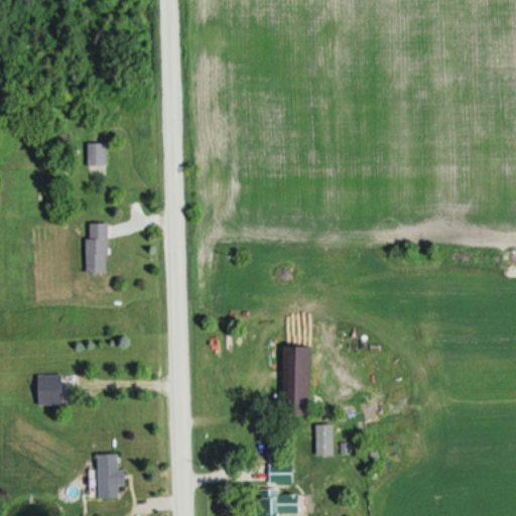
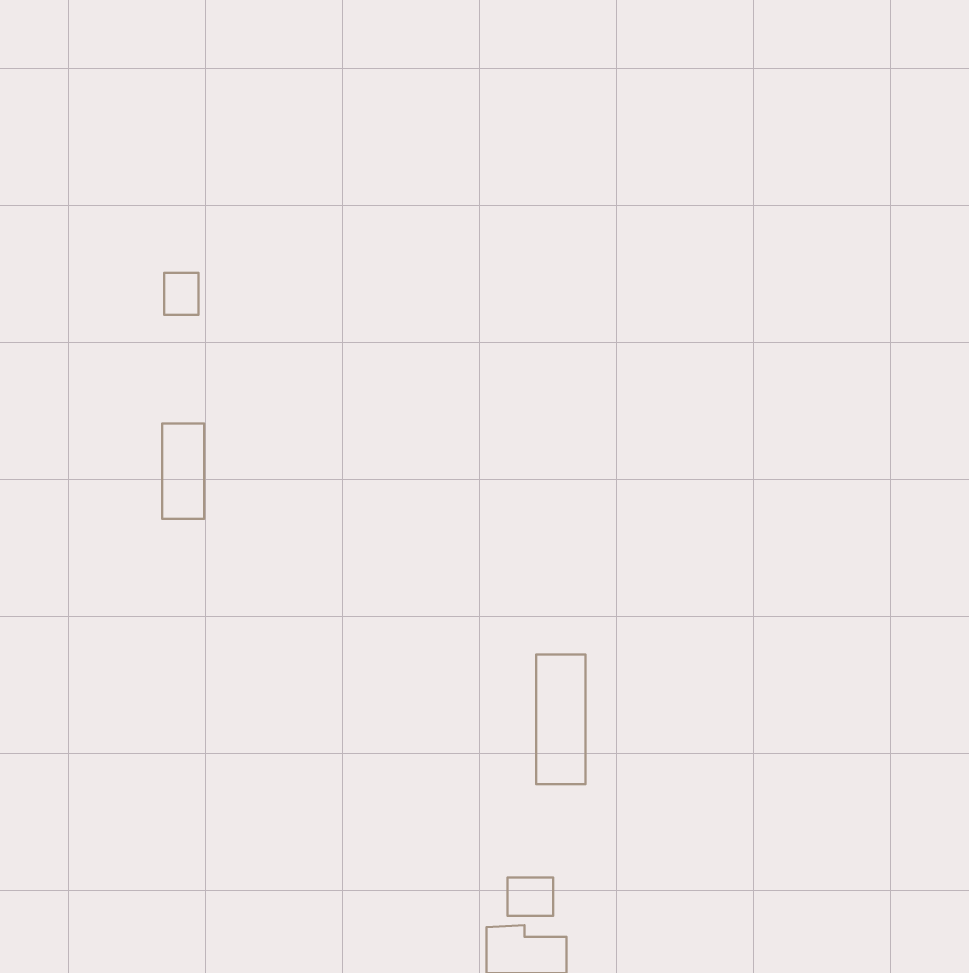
building: [37,375,61,405] -> none
building: [315,424,333,457] -> none
building: [97,455,124,500] -> none

